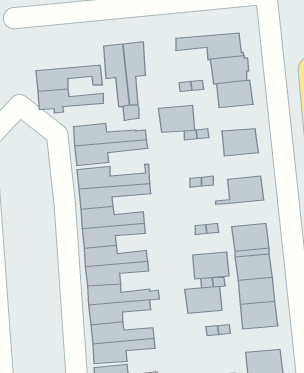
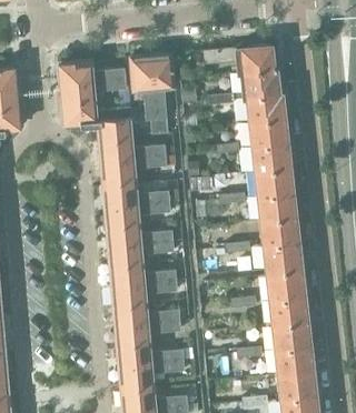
building: none -> [59,61,125,84]
building: none -> [88,118,132,142]
building: [158,105,195,132] -> [249,119,287,147]
building: none -> [255,169,293,197]
building: [193,252,229,279] -> [260,218,298,245]
building: [184,286,222,313] -> [274,347,313,375]

